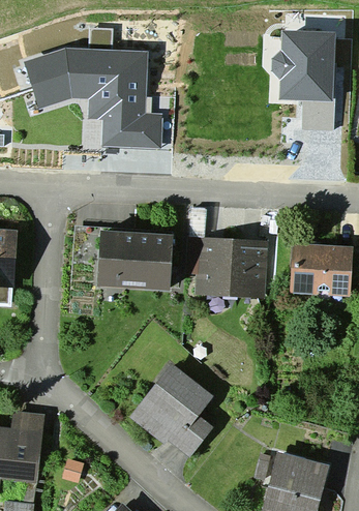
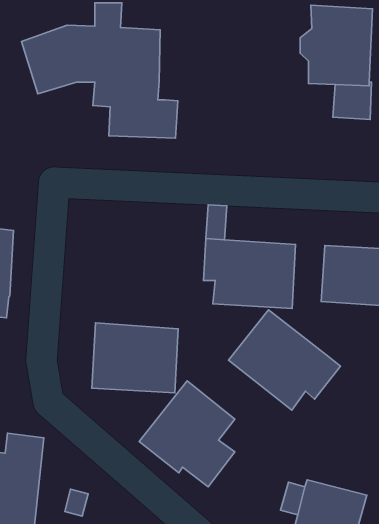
building: [96,230,173,292] -> [92,323,178,393]
building: none -> [228,310,341,410]

